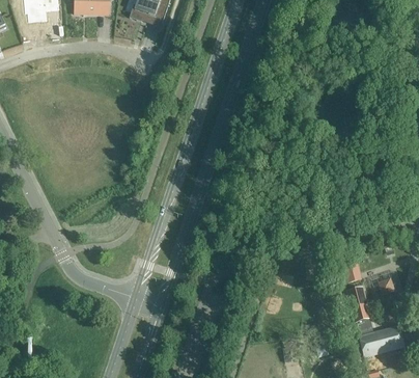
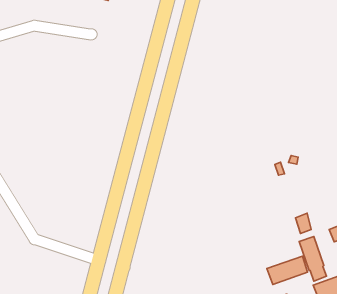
building: none -> [267,256,307,285]

